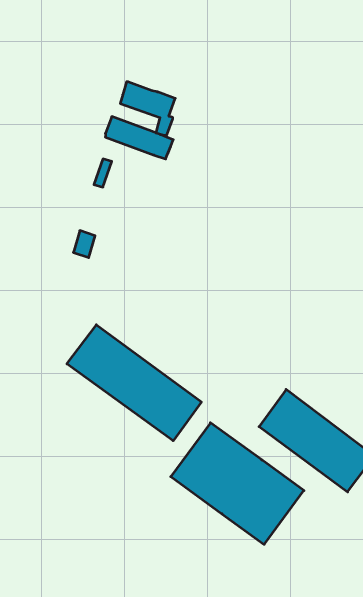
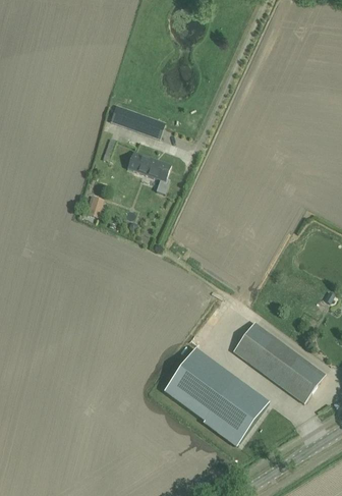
building: [120,82,175,137] -> [127,151,171,195]
building: [67,325,201,441] -> none

